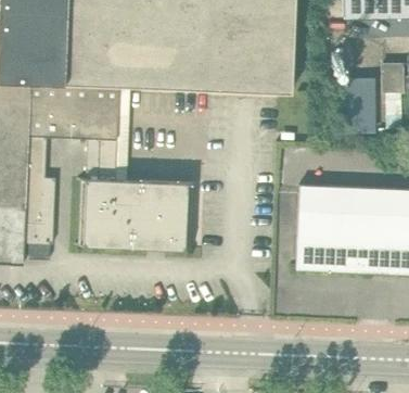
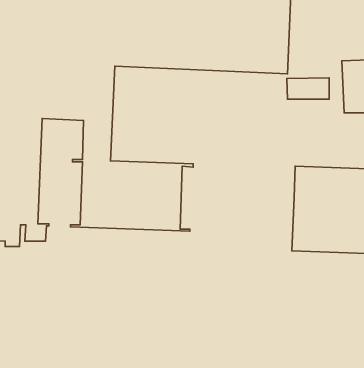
building: none -> [287,78,329,99]

